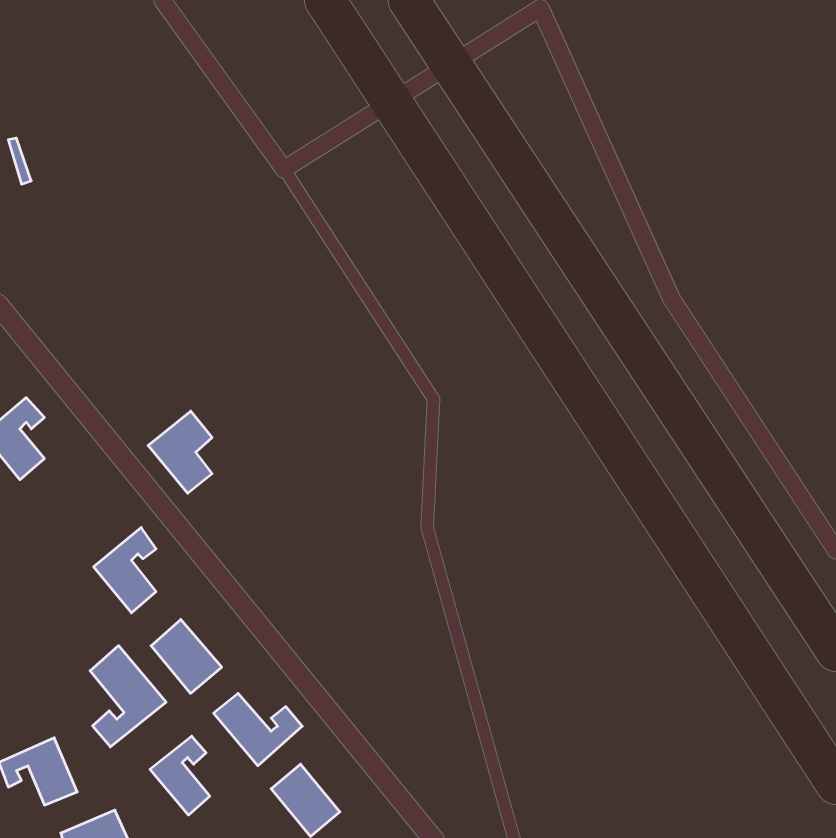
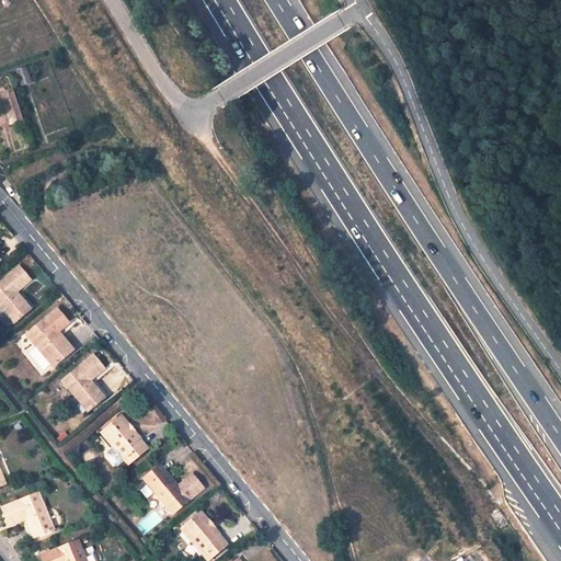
building: [148,411,212,493] -> [25,309,68,364]
building: [90,646,166,747] -> none
building: [150,736,210,815] -> none

